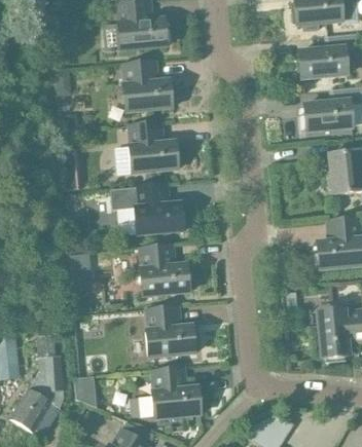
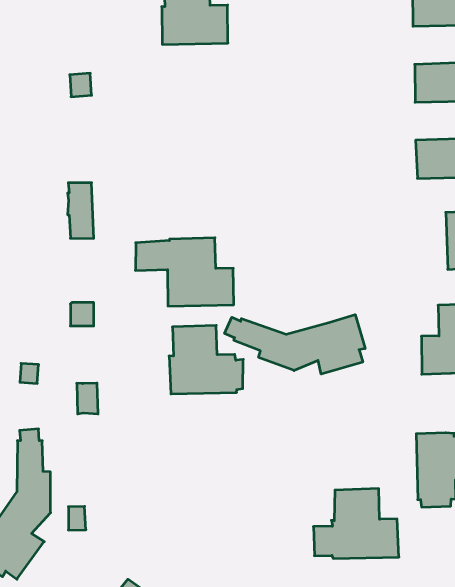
building: [123,60,172,111] -> none
building: [129,121,178,173] -> none
building: none -> [225,315,365,374]
building: [146,305,194,357] -> none
building: [139,367,201,418] -> [313,489,399,558]

